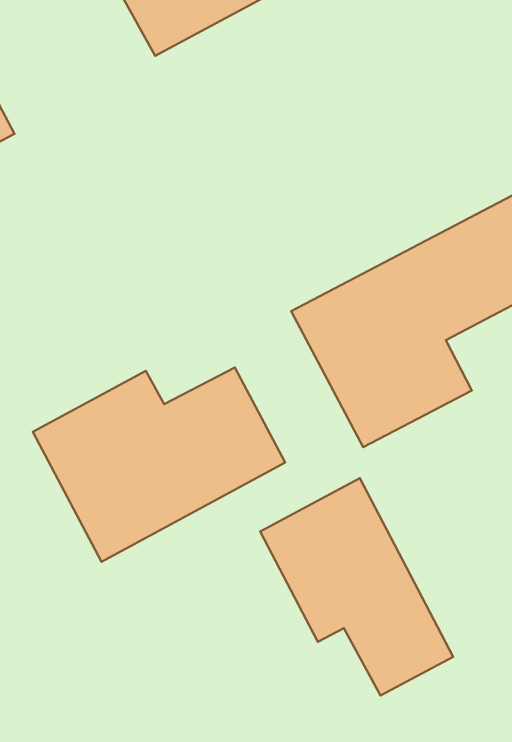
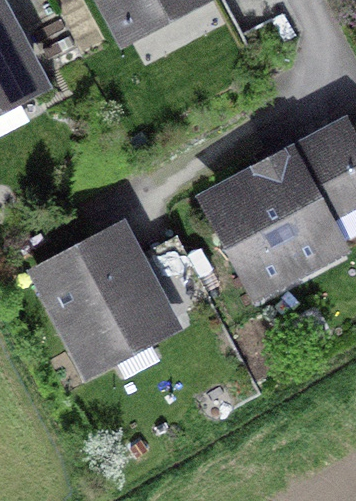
building: [260,478,453,696] -> none

